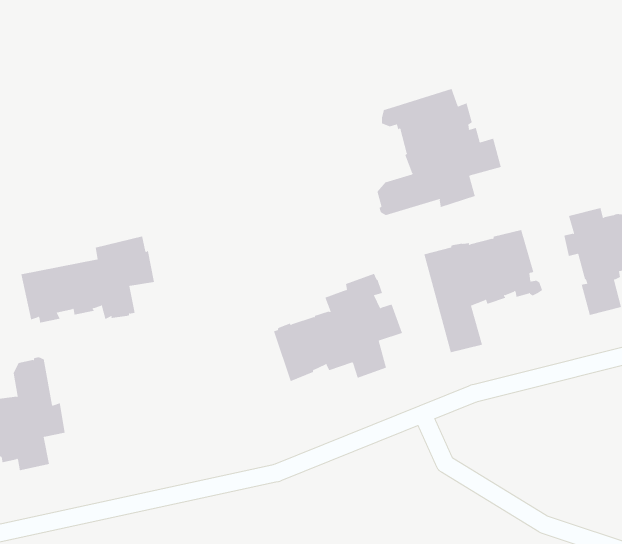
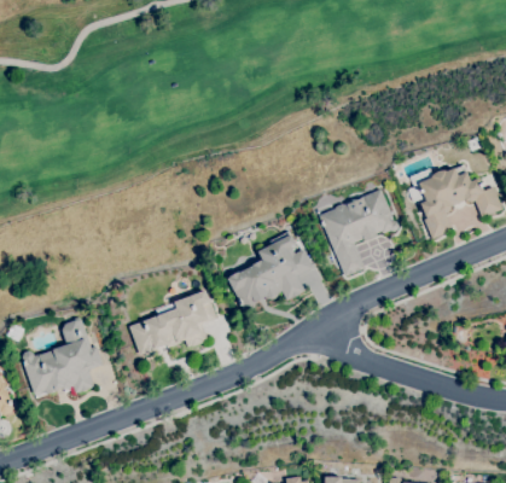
building: [377,88,501,216] -> none
building: [21,236,155,323] -> [129,289,217,355]

